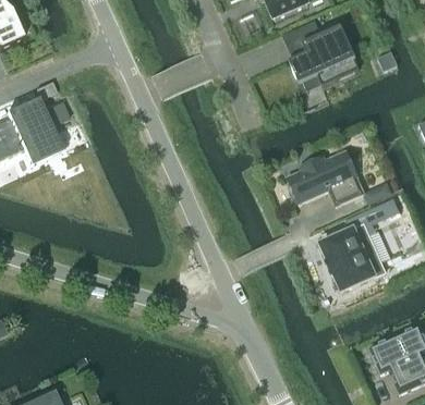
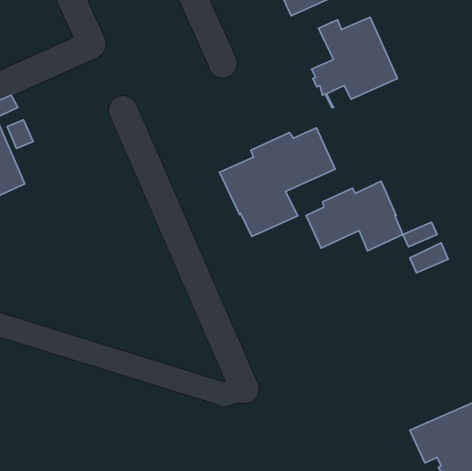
building: none -> [220,128,335,237]
building: [321,223,385,290] -> none

